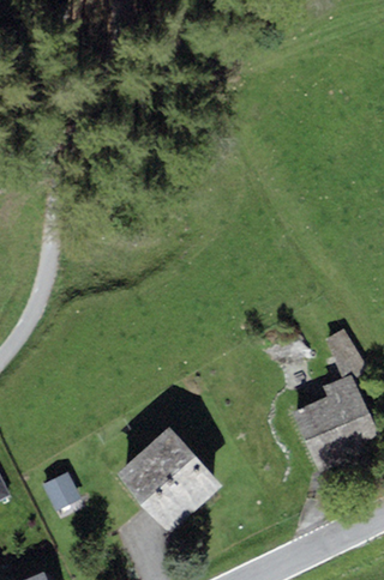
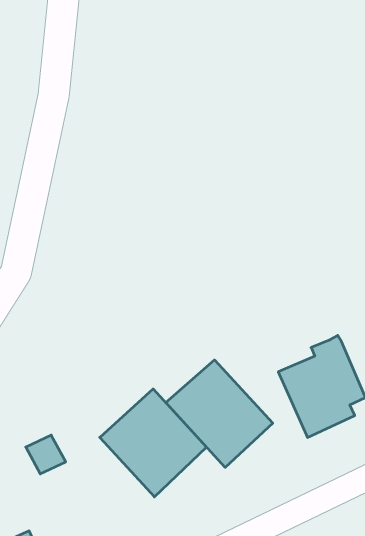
building: [325,330,367,381] -> none
building: none -> [166,360,273,467]

